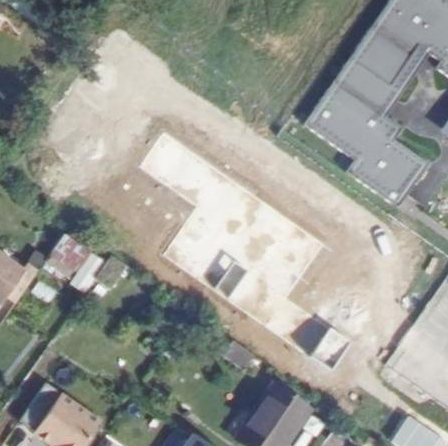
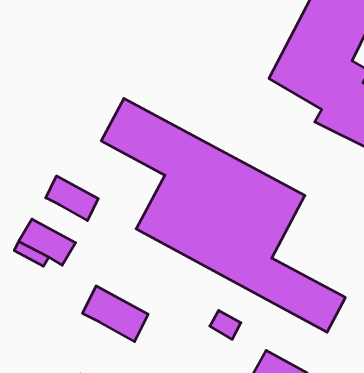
building: none -> [46,176,98,221]
building: none -> [83,286,148,342]

